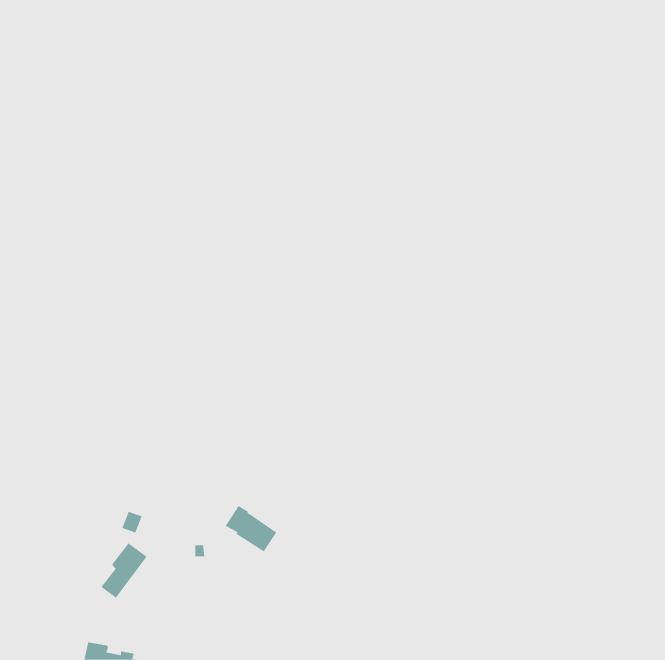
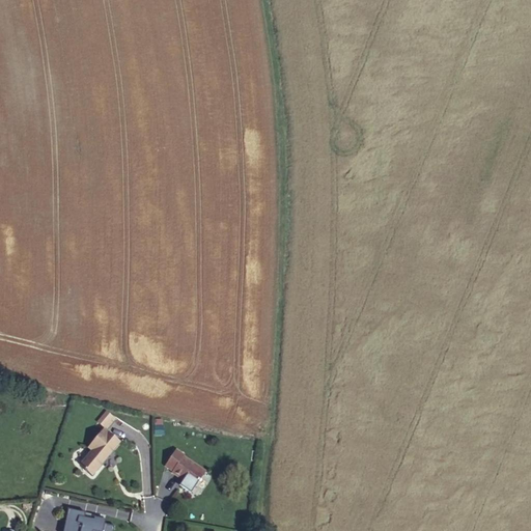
building: [225,505,277,552] -> [166,450,207,487]

